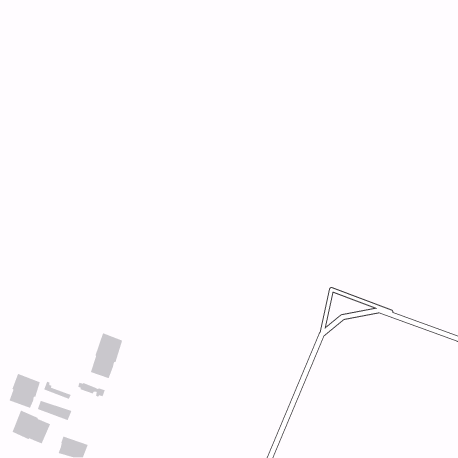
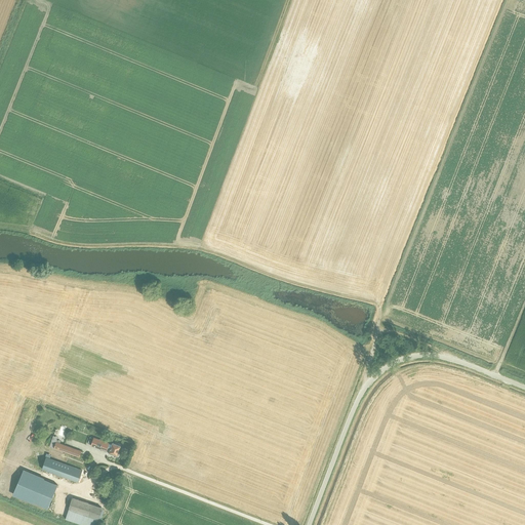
building: [90,332,123,379] -> none
building: [8,373,41,409] -> none

